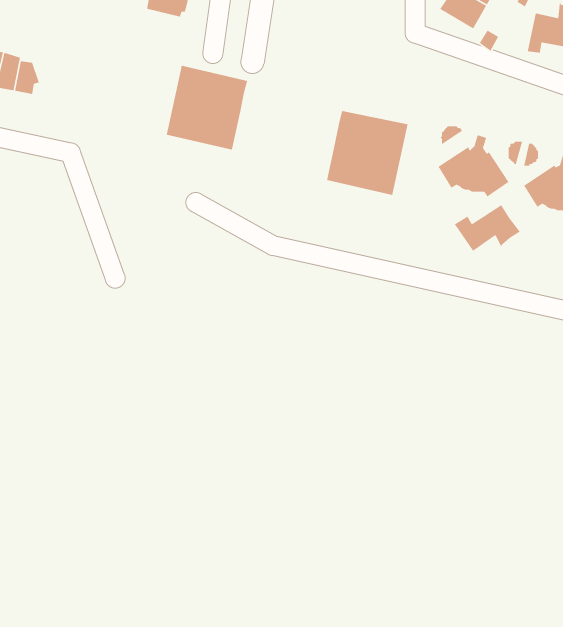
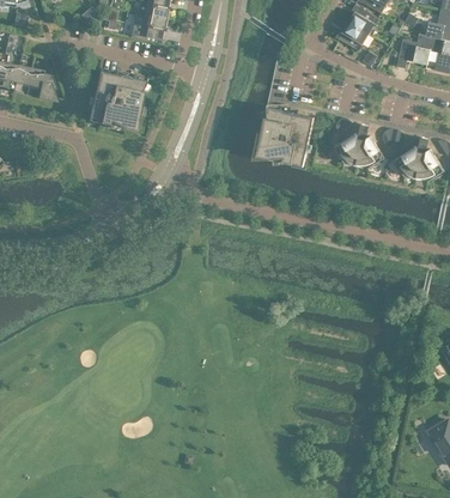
building: [166,65,248,151] -> [87,69,145,129]
building: [454,204,521,252] -> none

